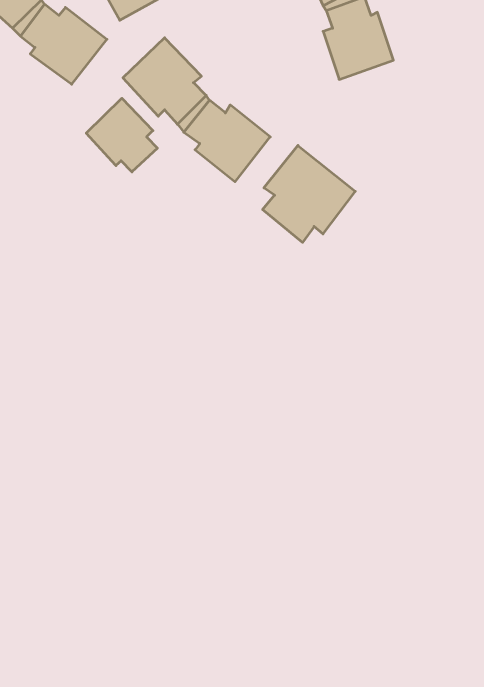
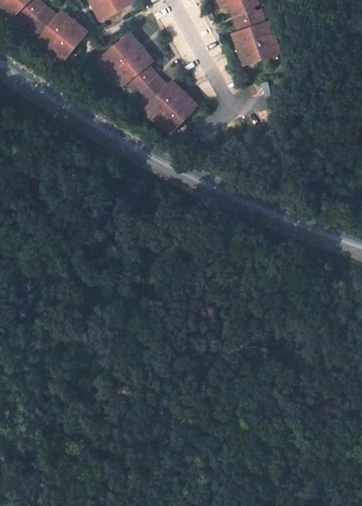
building: [86,98,157,172] -> none
building: [263,145,355,242] -> none

